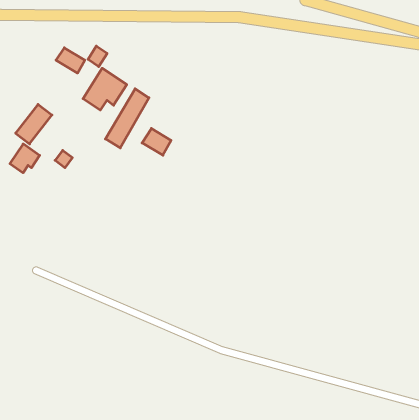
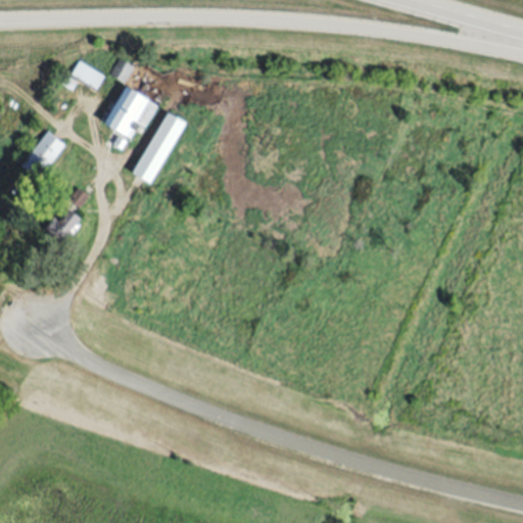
building: [142,128,171,155] -> none
building: [10,144,40,173] -> [47,204,84,240]

